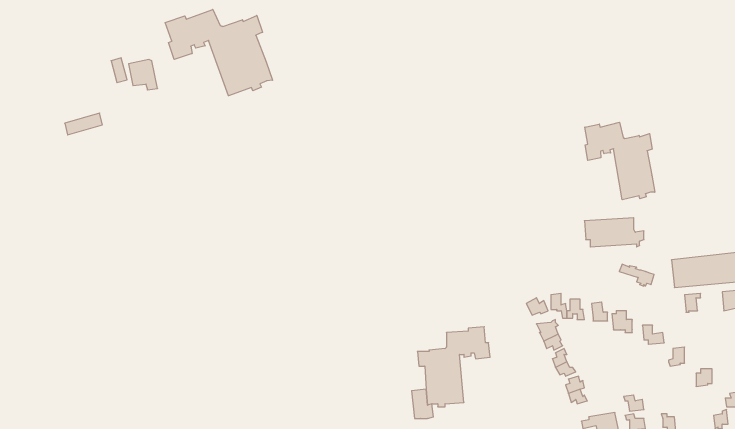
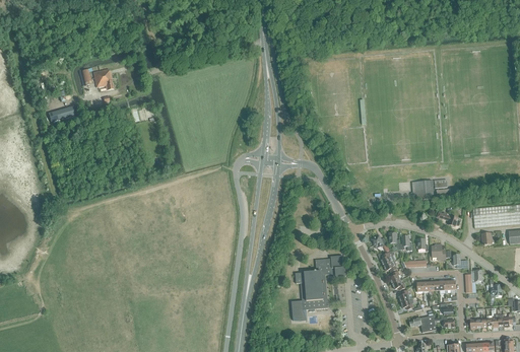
building: [165,9,273,96] -> none
building: [585,122,655,200] -> none

